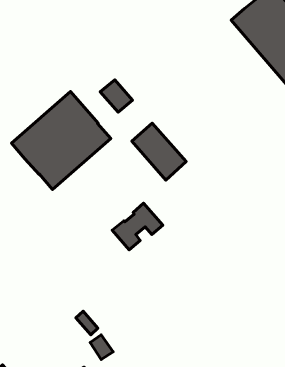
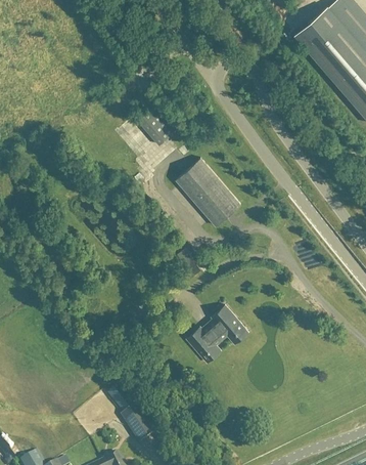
building: [11,92,111,189] -> none
building: [112,203,163,250] -> [186,306,247,363]

